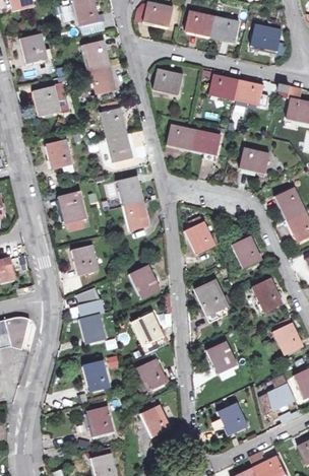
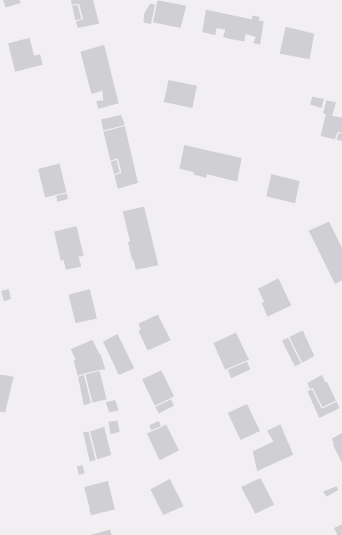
building: [207,74,261,105] -> none
building: [35,86,59,115] -> none
building: [186,216,214,254] -> none
building: none -> [102,333,135,376]
building: [258,375,294,415] -> [252,423,294,472]

